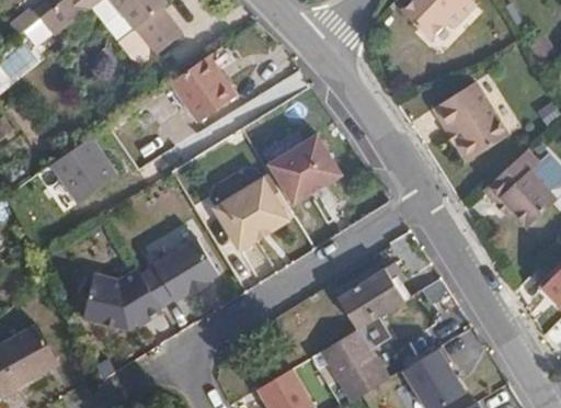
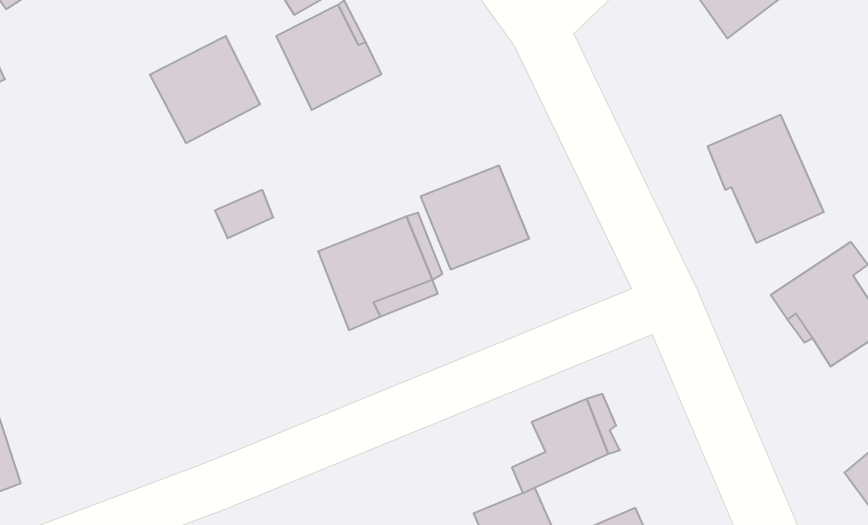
building: [50,136,118,203] -> [150,36,260,143]
building: [144,236,222,308] -> none
building: [79,268,159,326] -> none

